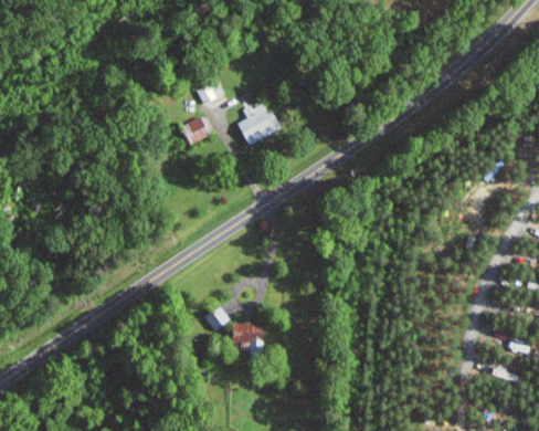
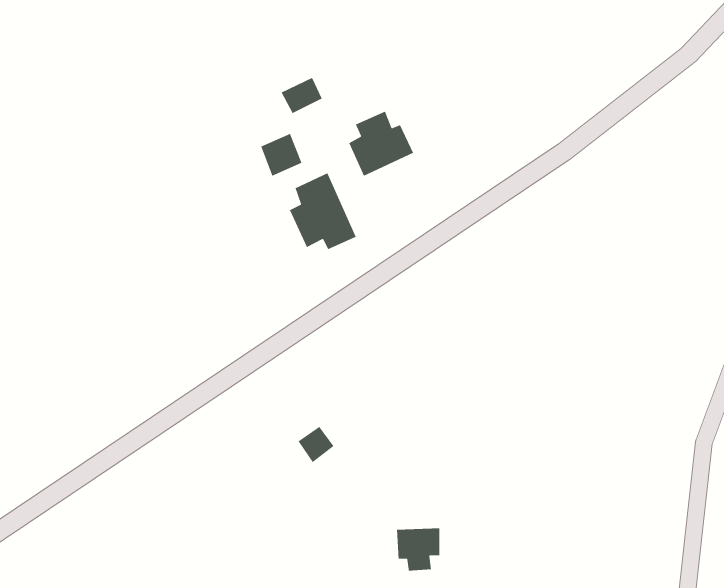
building: none -> [289,172,357,250]
building: [233,322,262,350] -> [396,527,440,571]

